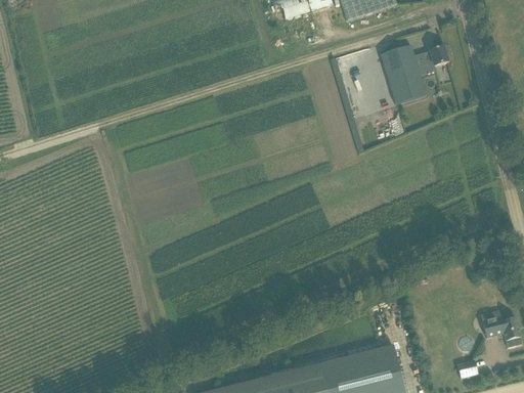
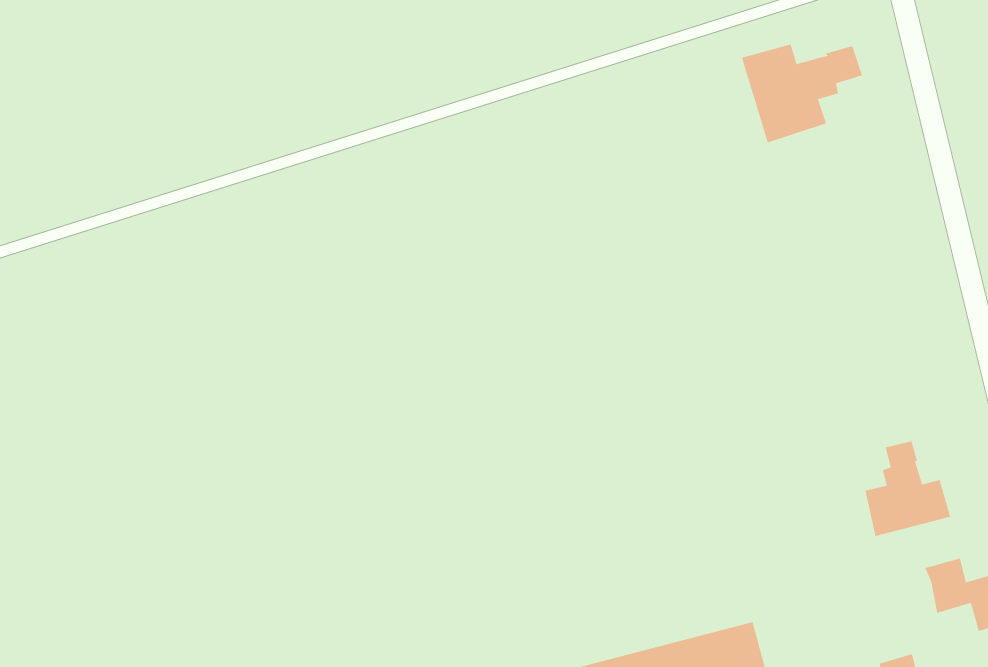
building: none -> [865,441,951,537]

